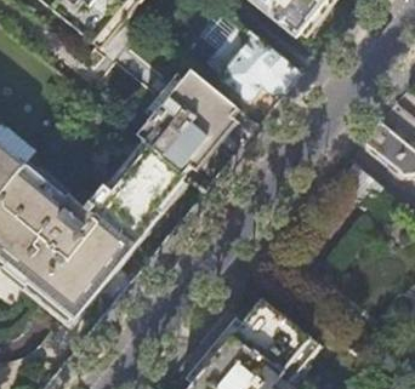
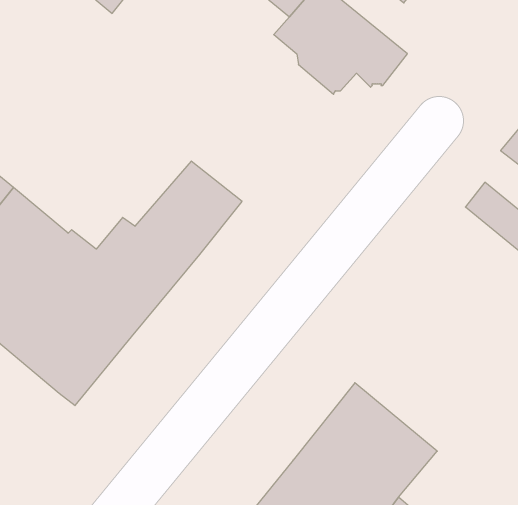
building: [138,70,239,176] -> none

